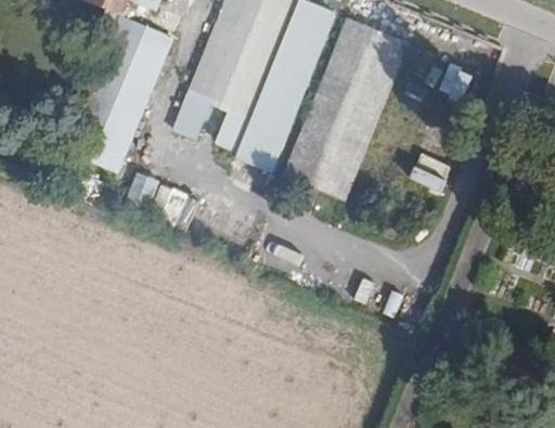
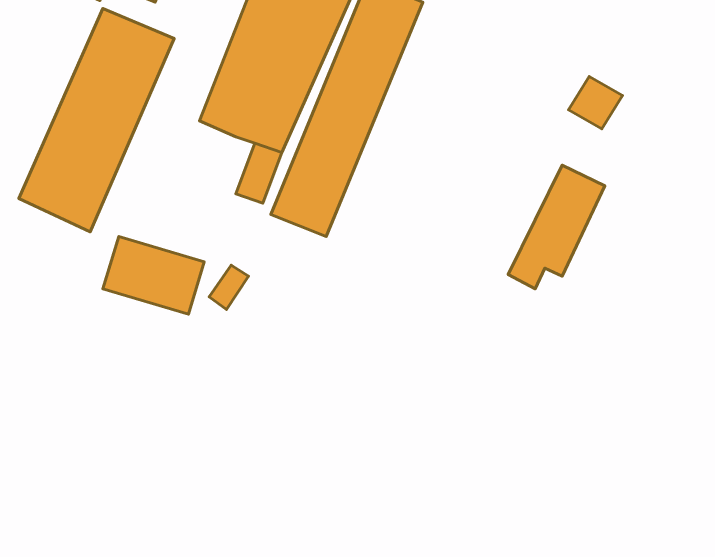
building: [283,18,409,202] -> none
building: [176,94,212,139] -> none

